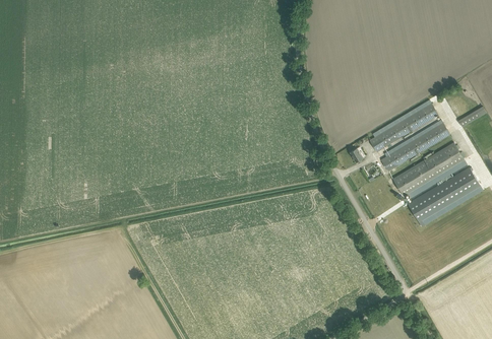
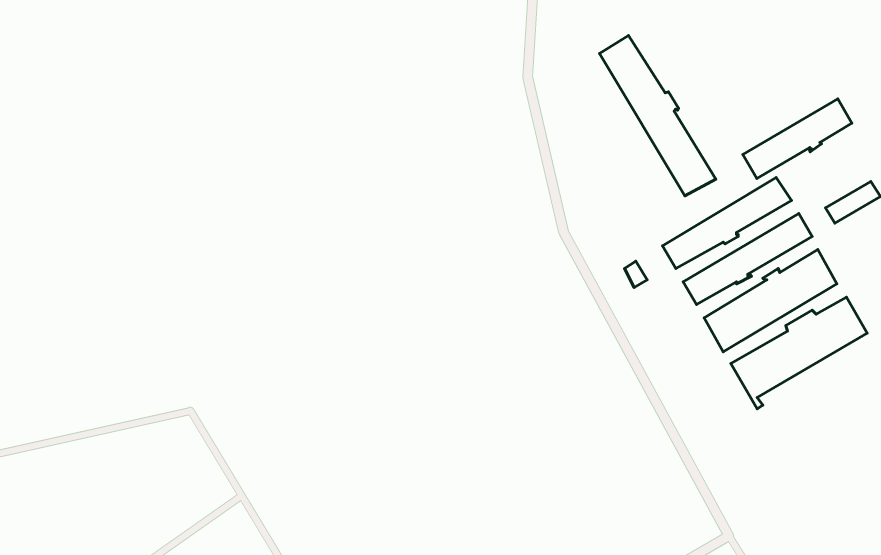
building: none -> [599,36,716,196]
building: none -> [743,99,852,179]

